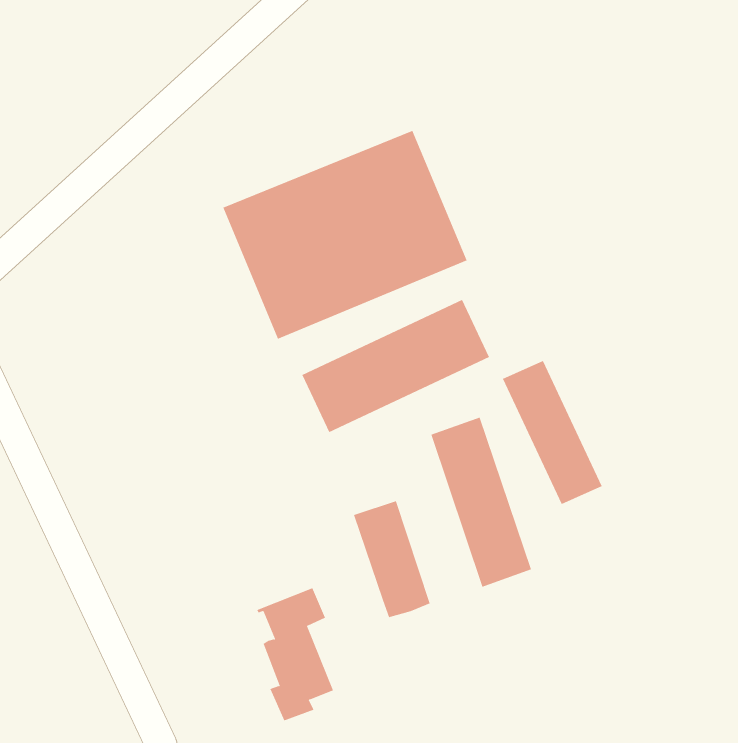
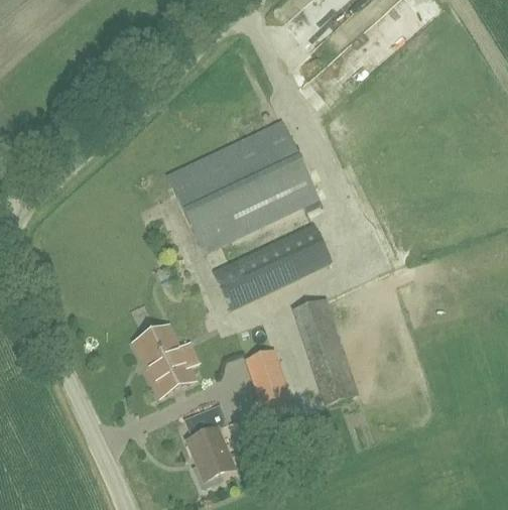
building: [502,360,602,505] -> none
building: none -> [134,327,195,396]

